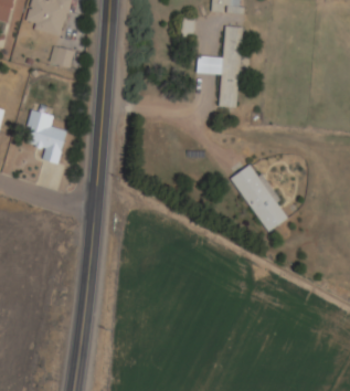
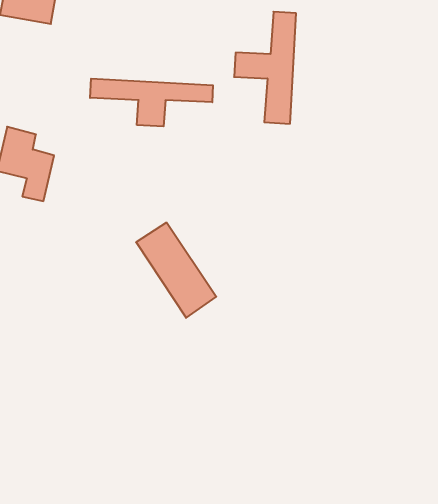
building: none -> [90,79,213,126]
building: [230,162,288,232] -> [136,223,216,318]

